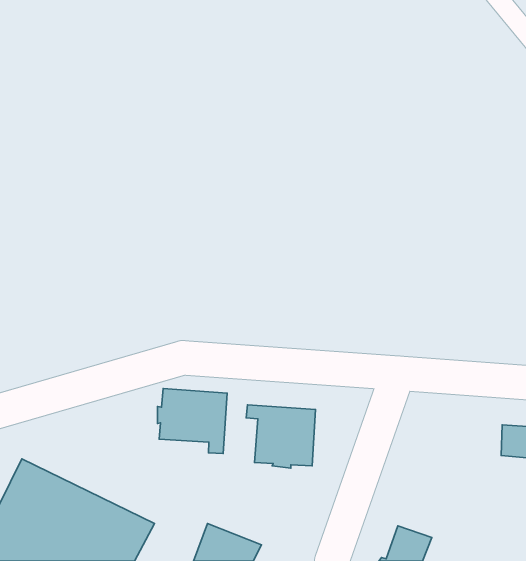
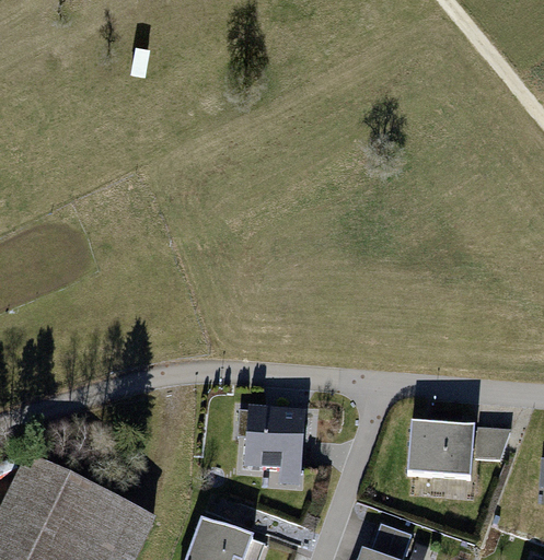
building: [158,389,227,453] -> none
building: none -> [408,422,475,477]

